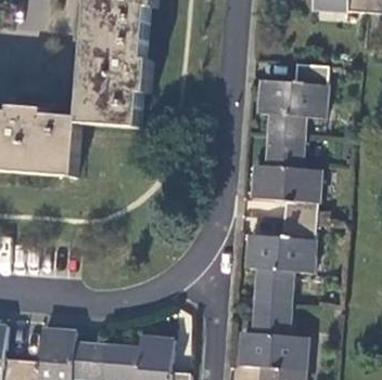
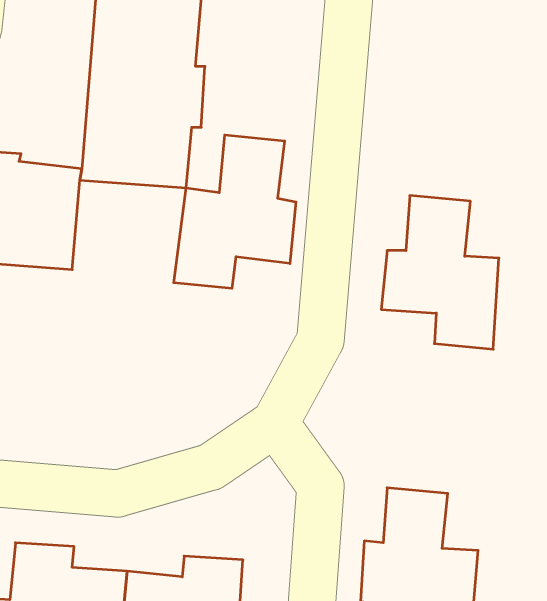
building: [258,62,327,135] -> none
building: none -> [174,135,296,288]
building: [246,217,316,302] -> none

